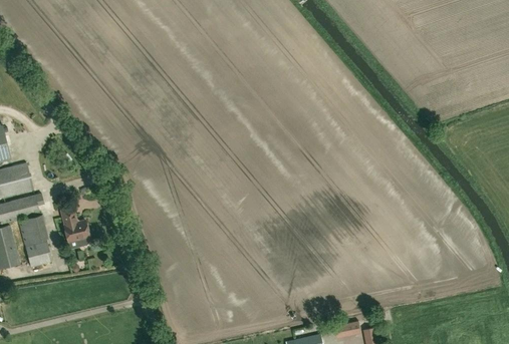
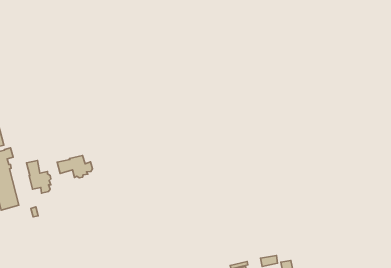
building: none -> [57,155,92,178]

